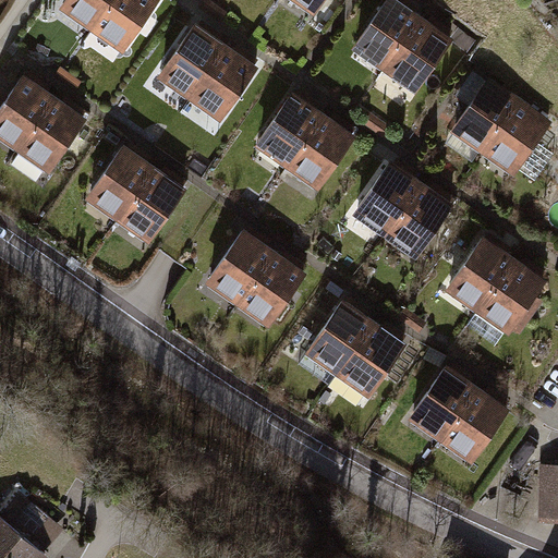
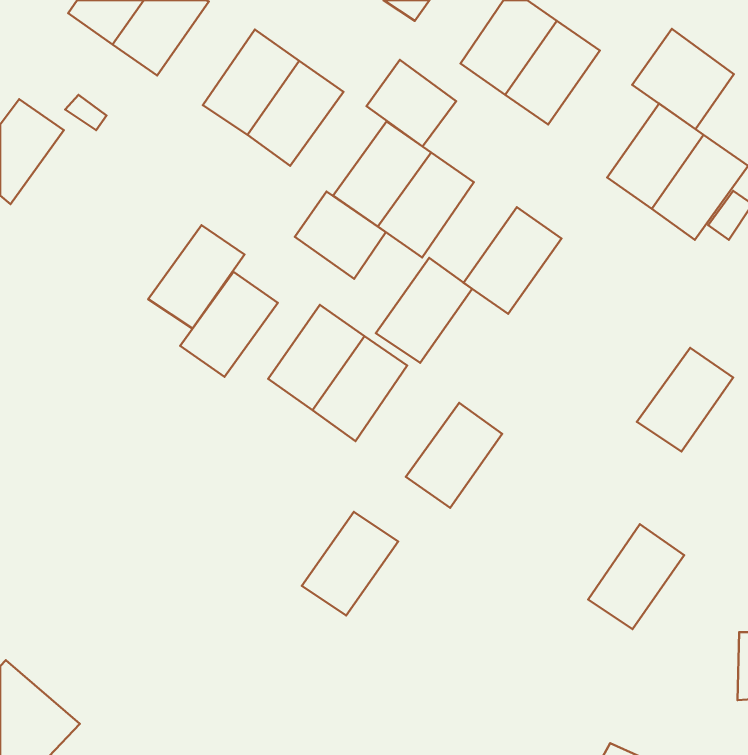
building: none -> [632,29,734,129]
building: none -> [366,60,456,146]
building: [14,97,85,173] -> none
building: none -> [295,192,386,279]
building: [83,144,155,221] -> [180,272,278,377]
building: [380,177,451,254] -> [376,258,472,363]
building: [442,234,514,312] -> none
building: [338,320,409,397] -> [302,512,398,615]
building: [407,365,477,442] -> none

